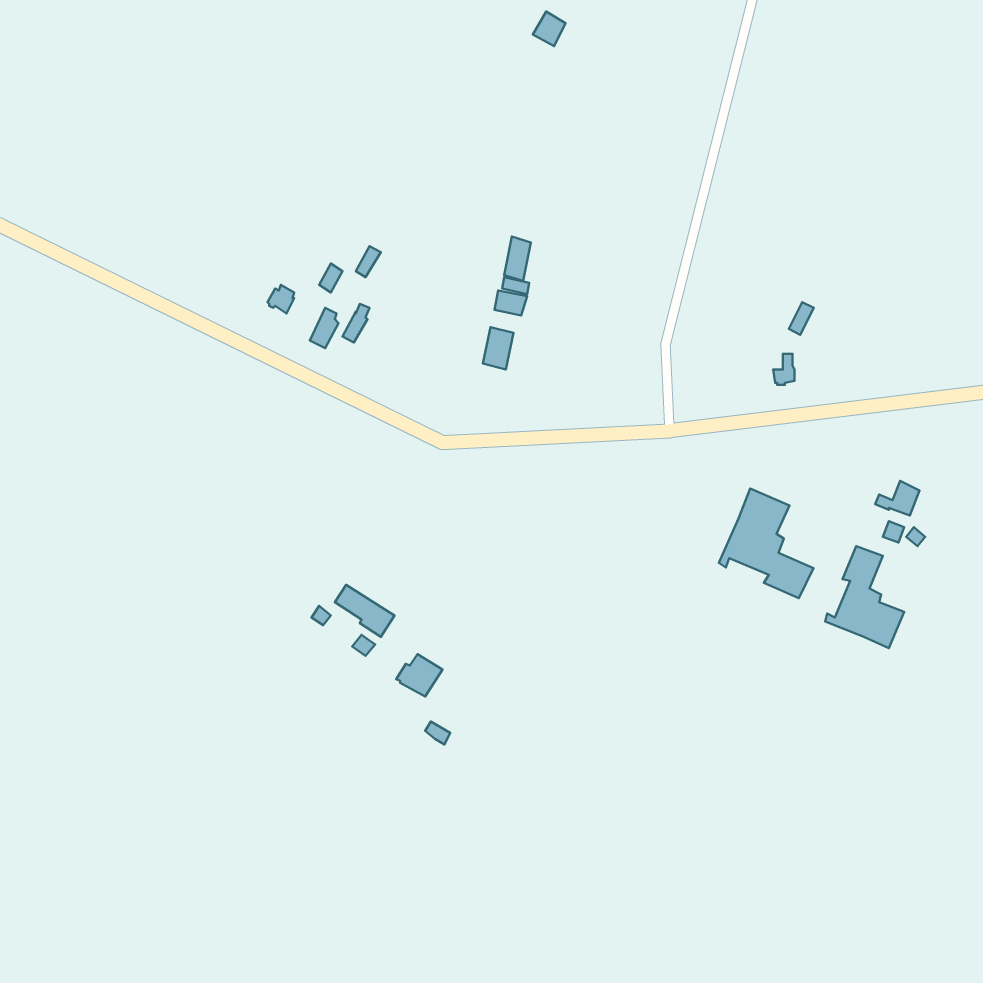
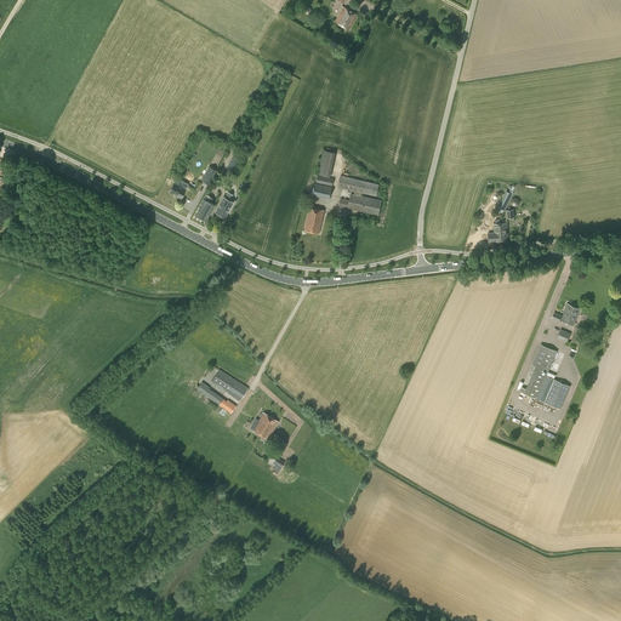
building: none -> [338,175,381,215]
building: [719,489,814,598] -> none

